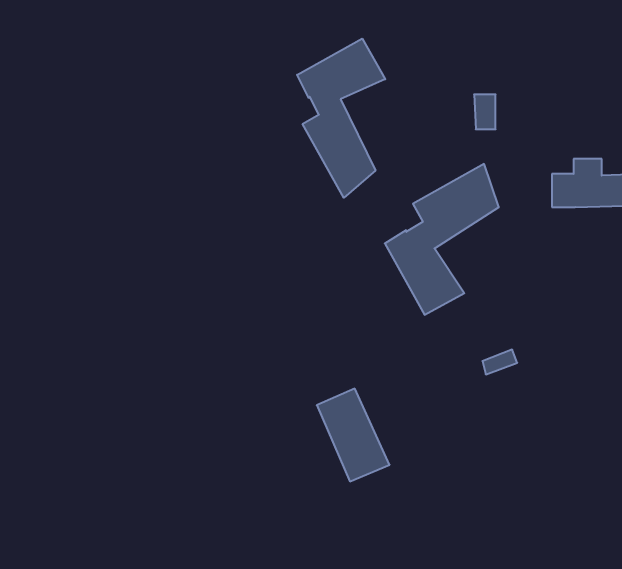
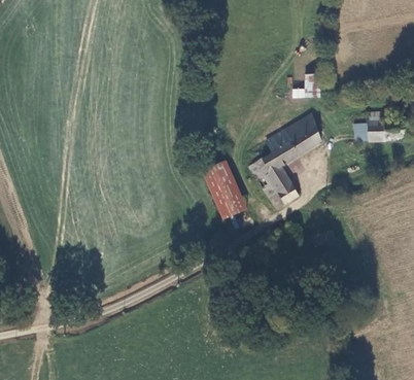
building: [297,39,385,198] -> none
building: [317,389,390,481] -> [202,159,247,216]

